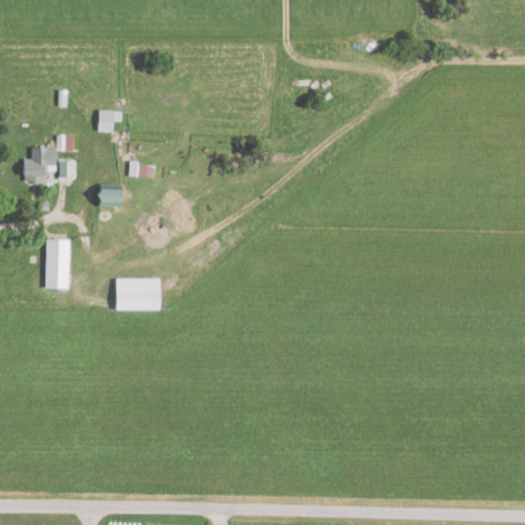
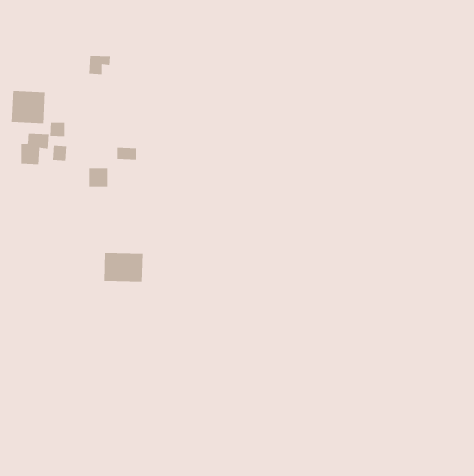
building: none -> [11,90,45,124]
building: [98,110,123,131] -> [89,55,111,75]
building: [45,239,69,288] -> none

